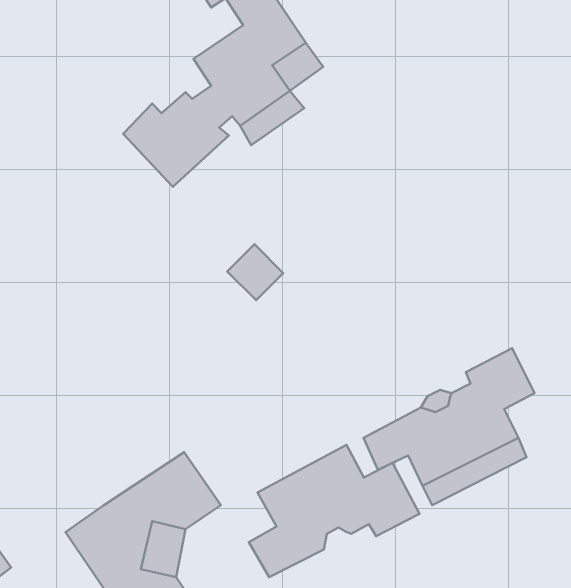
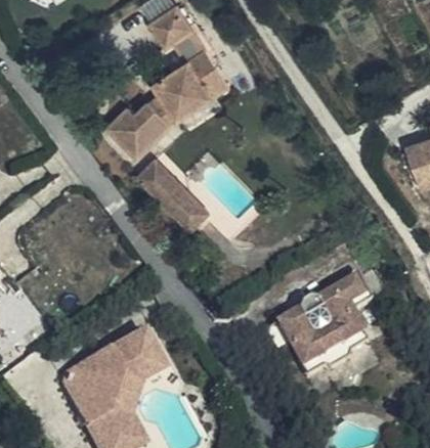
building: none -> [138,165,189,217]
building: [249,445,420,577] -> none

